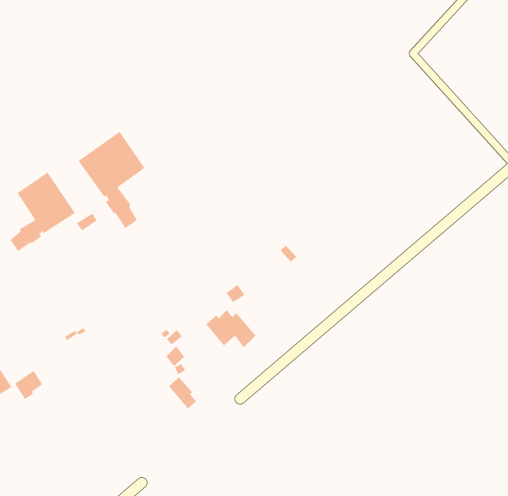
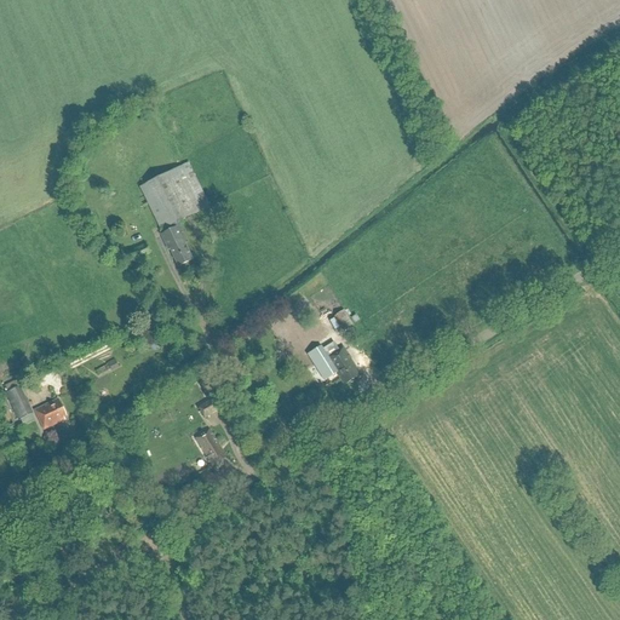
building: [10,171,76,252] -> none
building: [205,309,257,348] -> [306,340,358,384]

